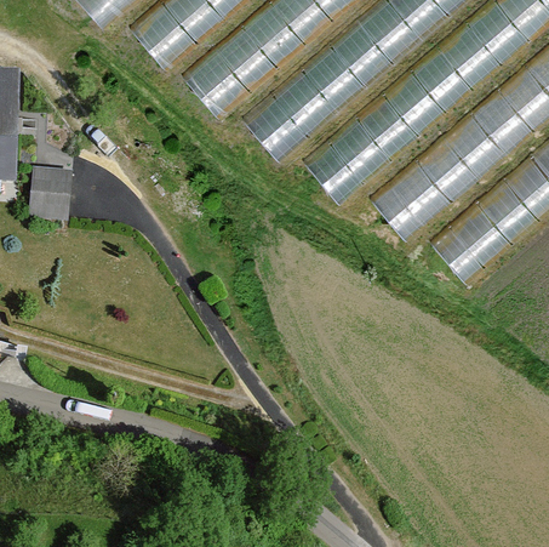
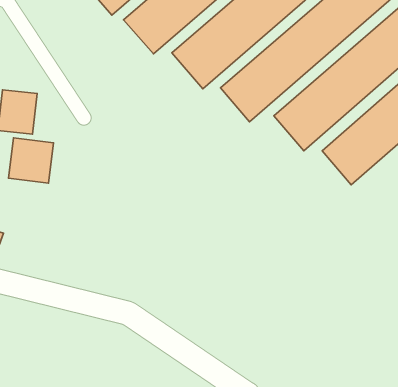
building: none -> [9,138,53,183]

